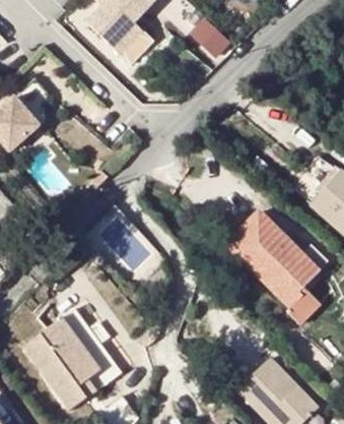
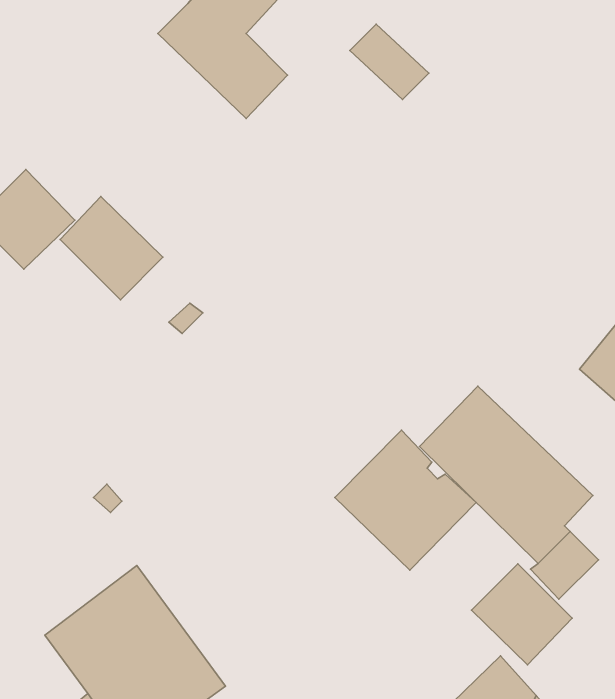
building: none -> [60,197,163,300]
building: none -> [335,430,476,570]
building: none -> [471,564,572,665]

